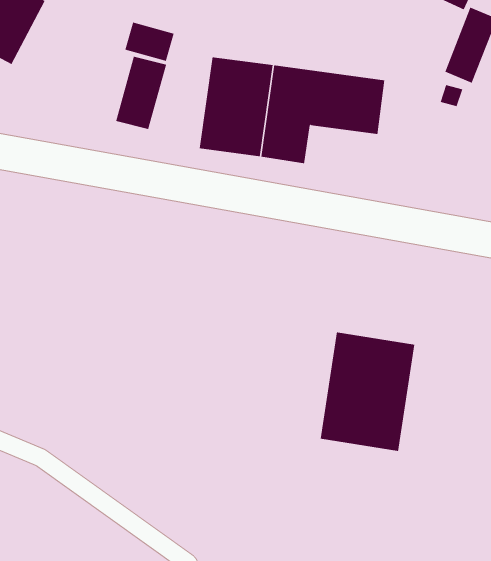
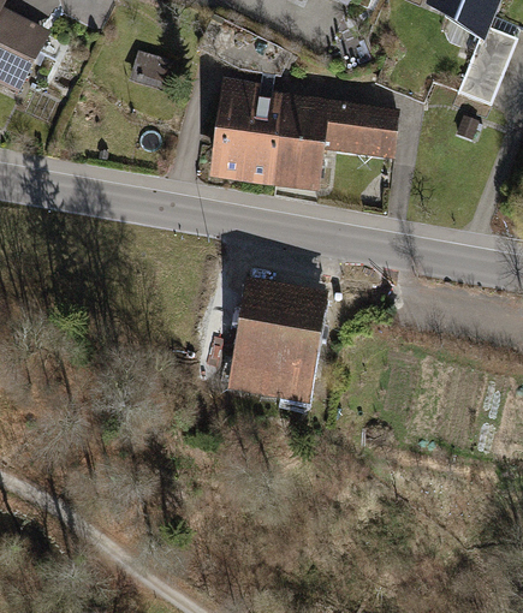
building: [115,56,167,130] -> none
building: [320,332,415,452] -> [228,275,327,399]

